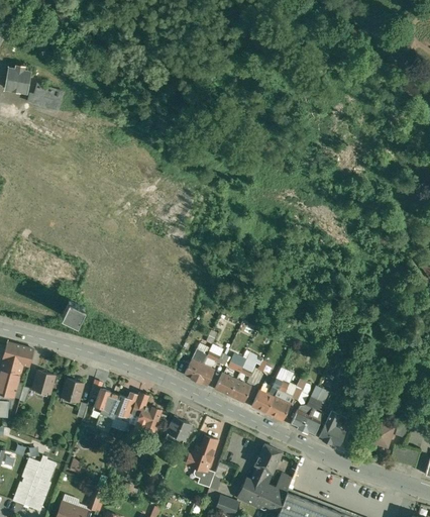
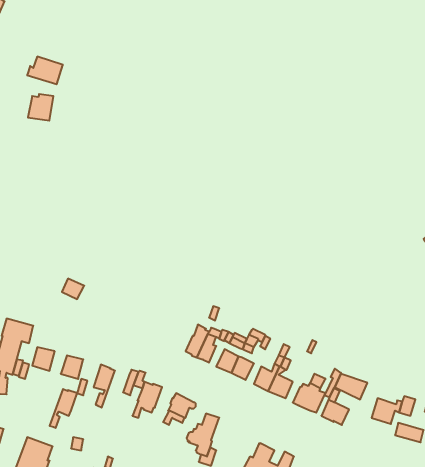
building: [6,66,31,92] -> [28,94,53,121]
building: [102,394,129,432] -> [50,389,77,428]
building: [255,444,282,473] -> none

